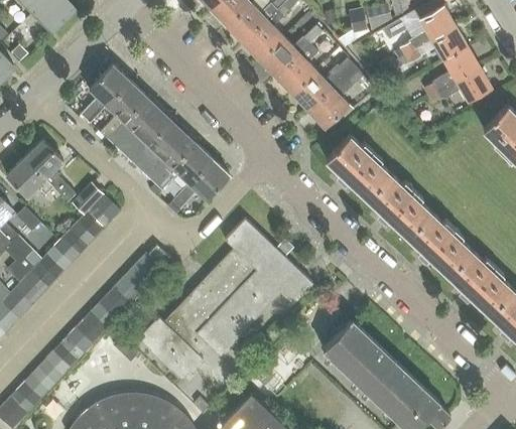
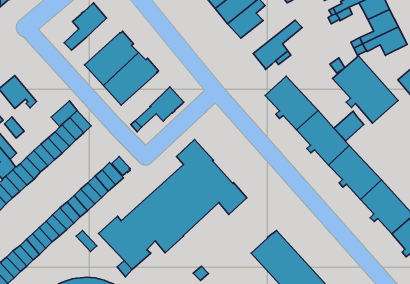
building: [291,58,355,111] -> none
building: [100,82,146,139] -> none
building: none -> [333,56,398,123]
building: [24,140,76,202] -> none
building: [154,142,211,190] -> none
building: none -> [334,111,364,141]

